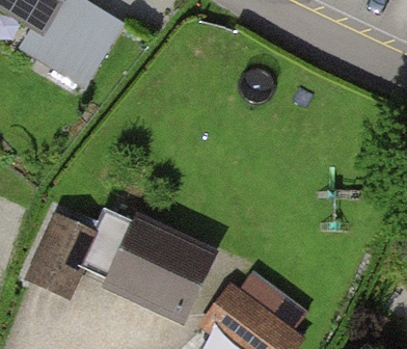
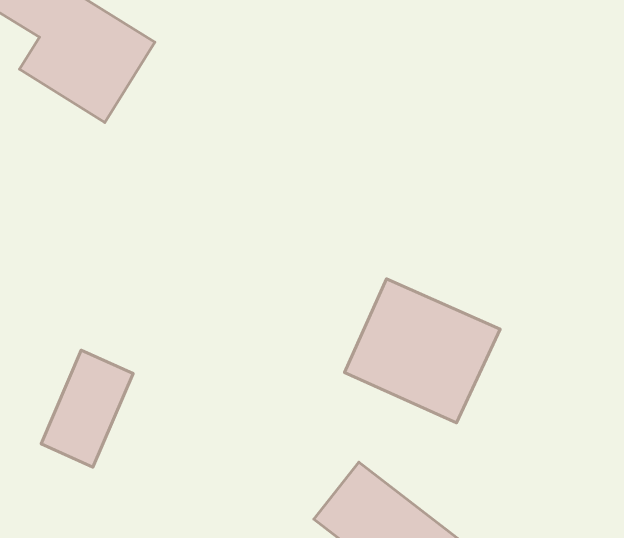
building: [114,224,211,314] -> [345,279,500,423]

